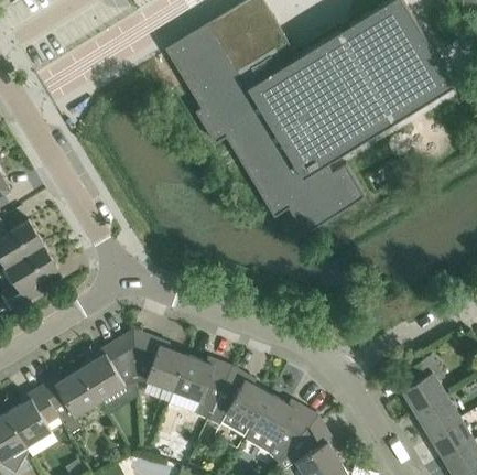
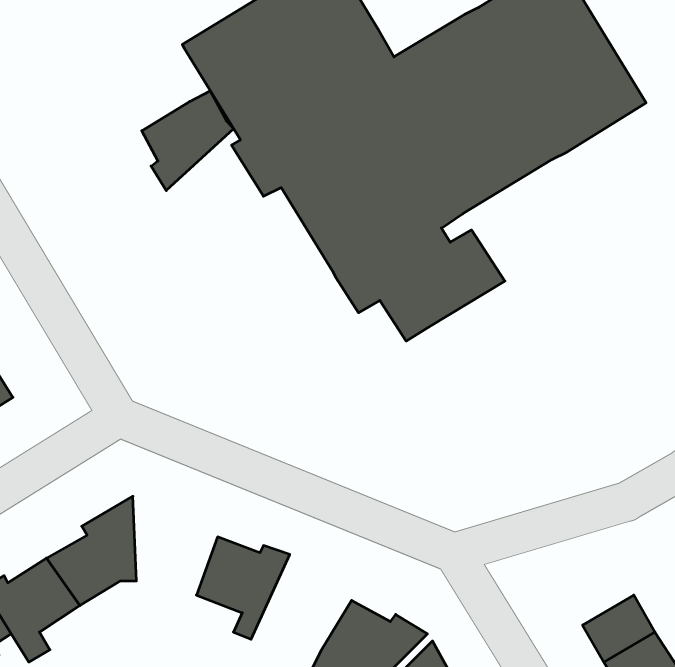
building: none -> [142,91,234,191]
building: [133,331,186,392] -> none
building: [401,356,446,411] -> none
building: [207,367,270,427] -> none

